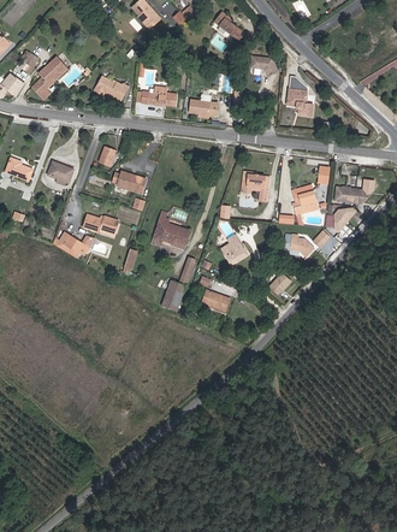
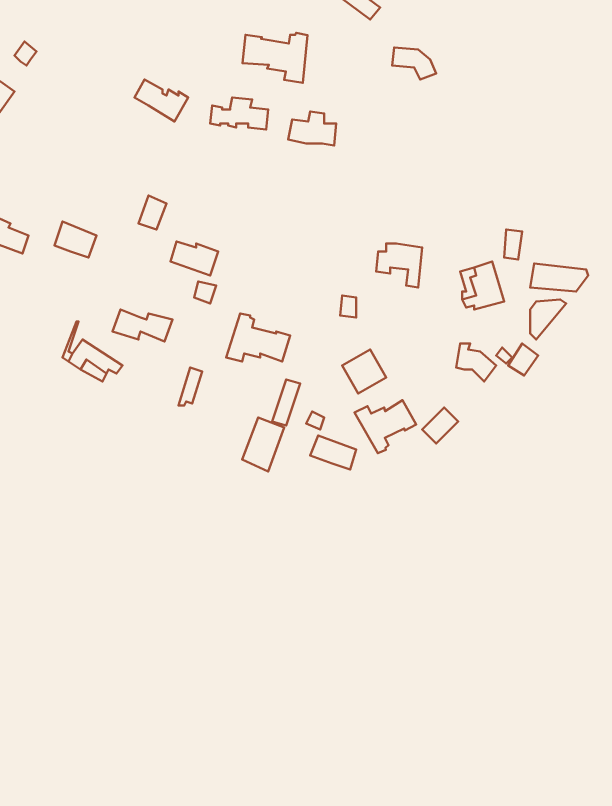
building: none -> [242,33,308,83]
building: [32,55,67,99] -> none
building: [288,75,313,114] -> none
building: none -> [354,400,416,453]

